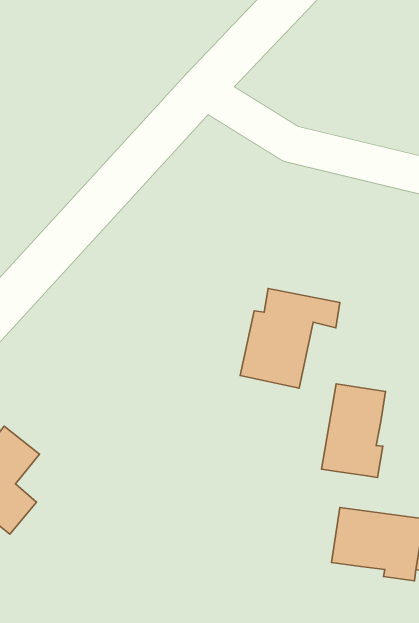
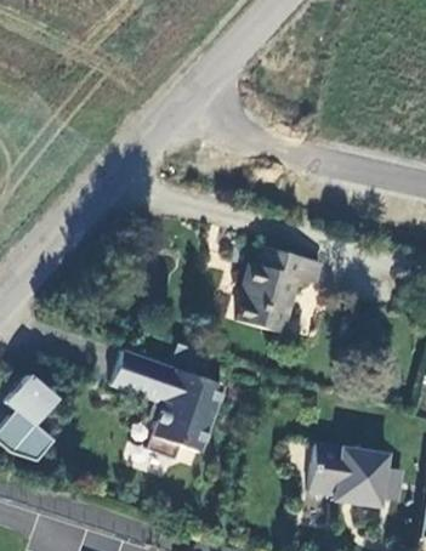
building: [321,384,386,478] -> none
building: none -> [110,347,221,456]

